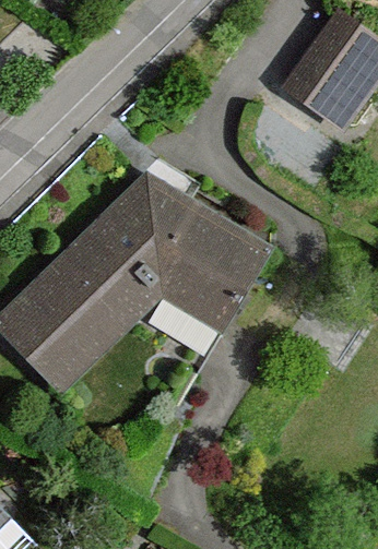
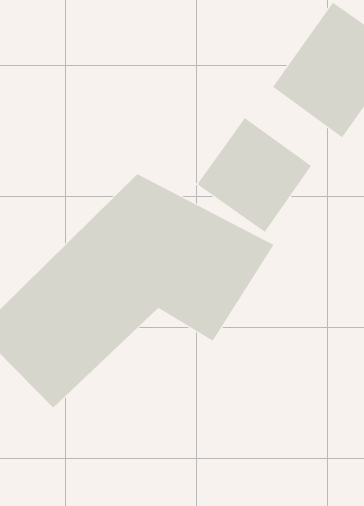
building: none -> [196,117,312,233]

